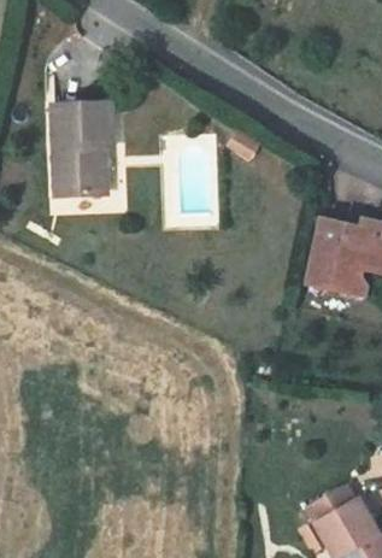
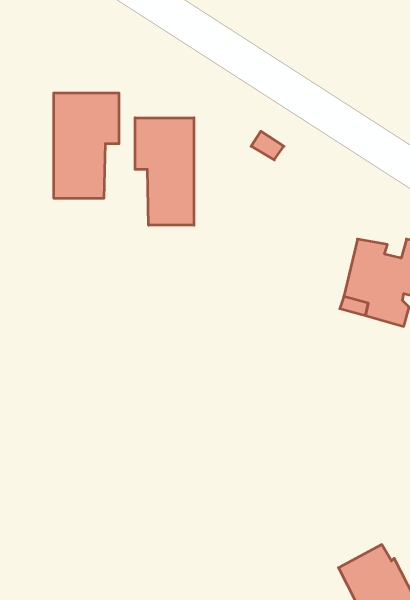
building: none -> [135,118,194,225]

